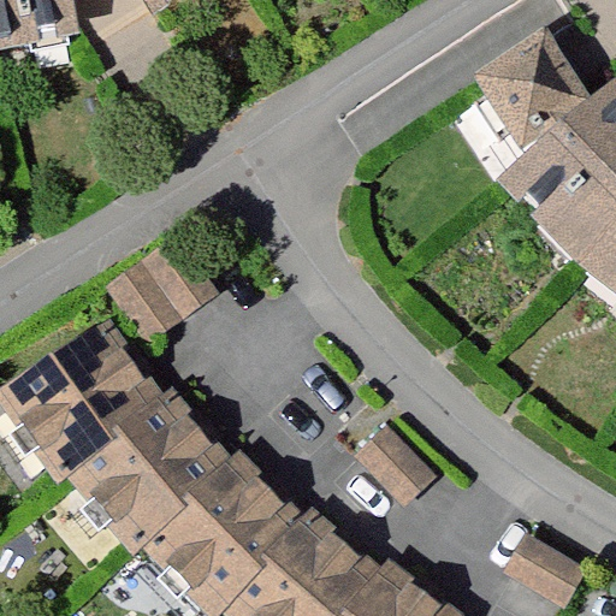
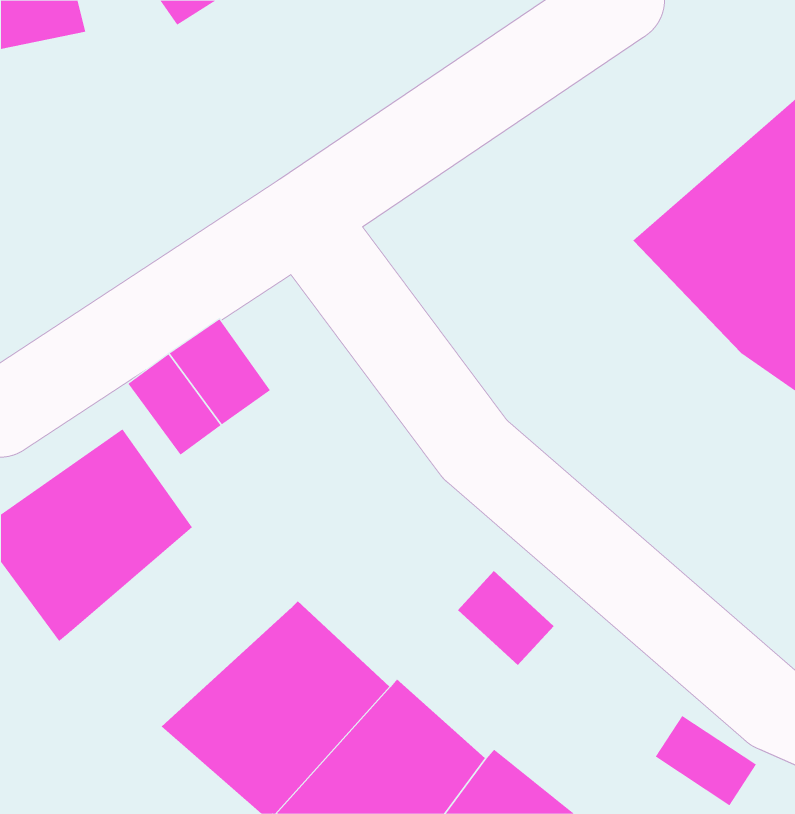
building: [473,34,581,138] -> none
building: [67,392,235,553] -> none

